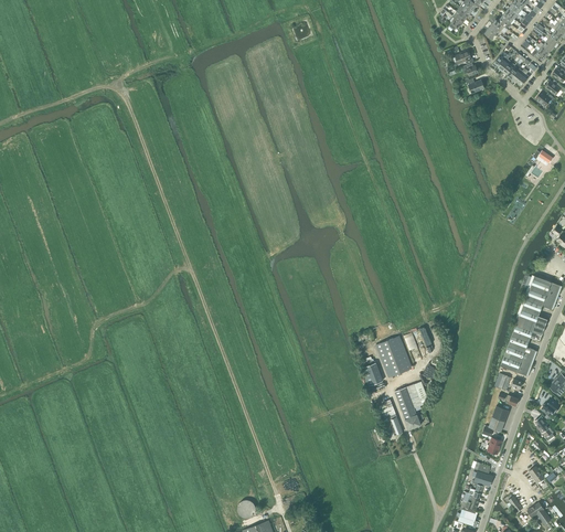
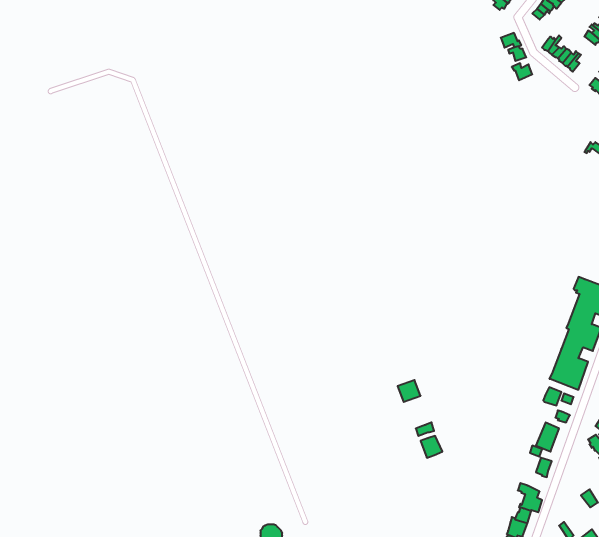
building: [375,336,413,377] -> none
building: [395,381,429,429] -> none

